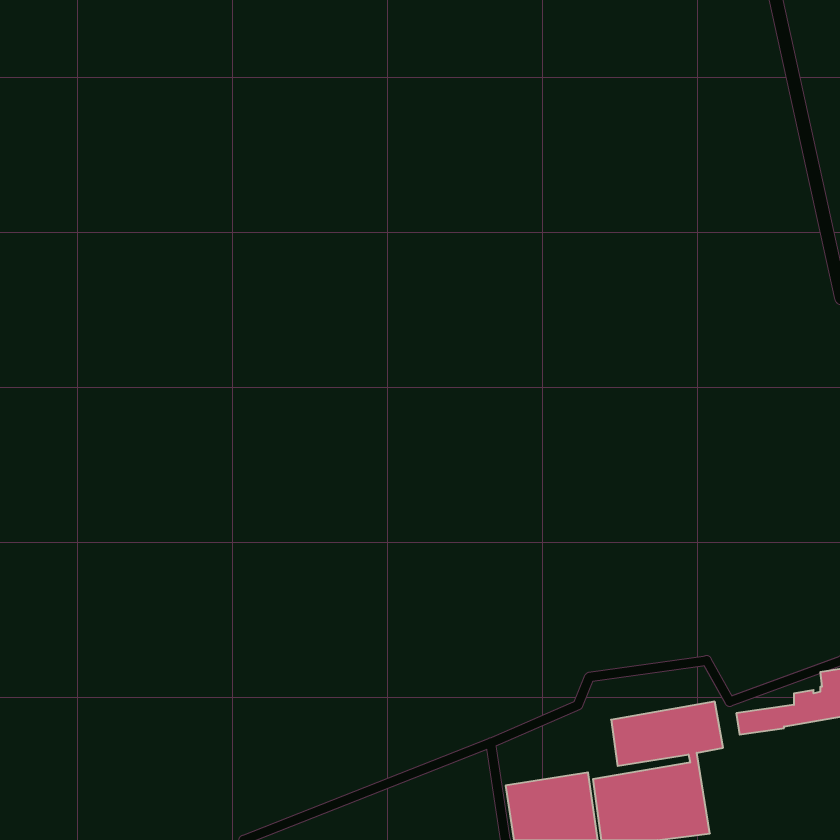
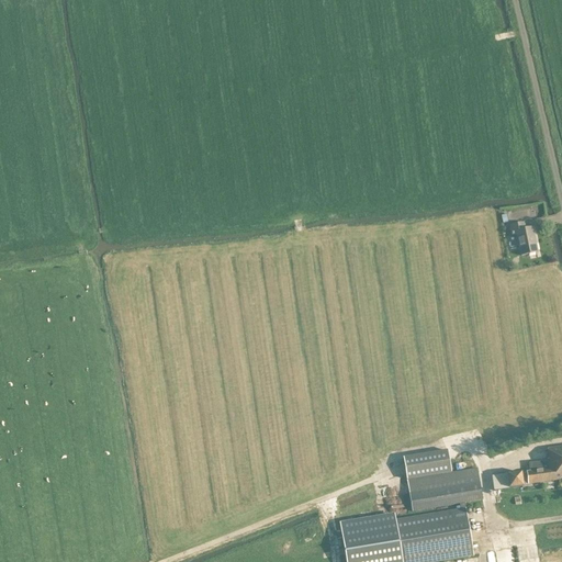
building: none -> [510,222,538,255]
building: none -> [404,449,451,480]

